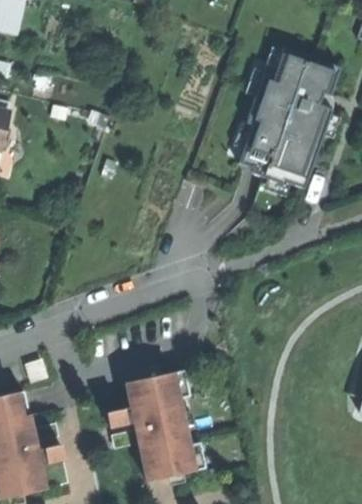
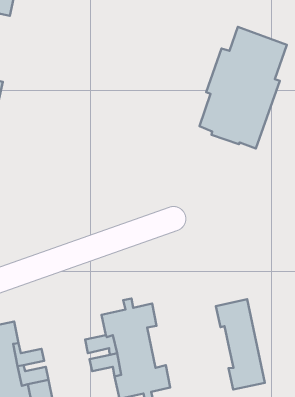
building: none -> [216,299,265,389]

